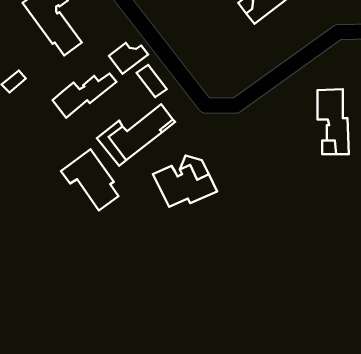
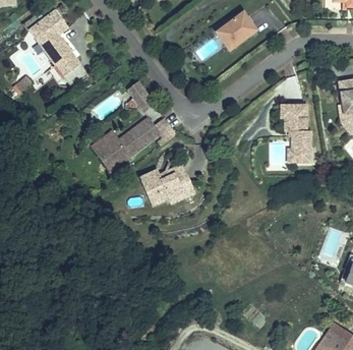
building: [109,43,148,74] -> none
building: [52,73,117,118] -> none
building: [61,149,118,211] -> none

